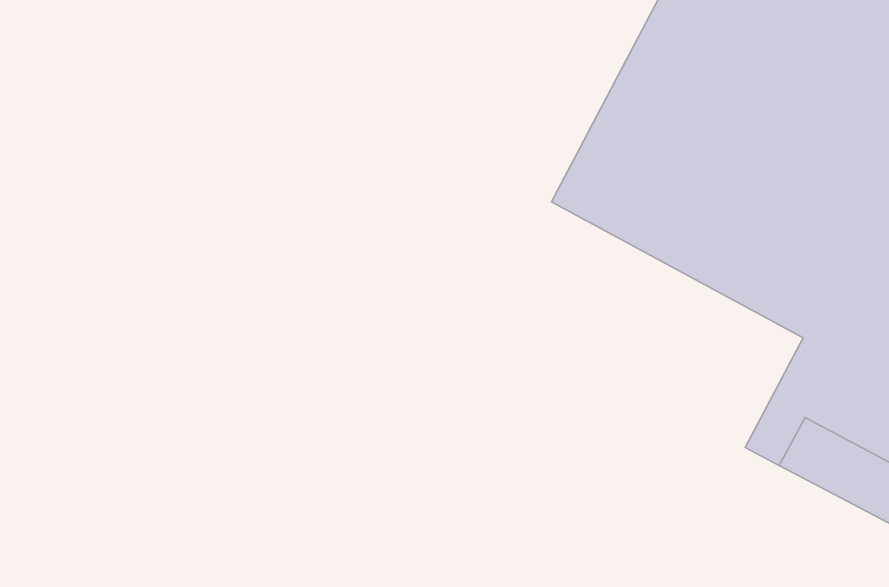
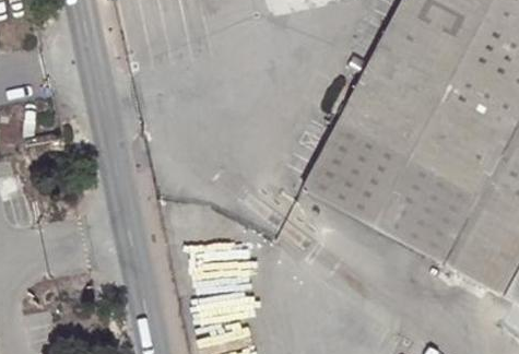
building: none -> [302,129,471,263]

